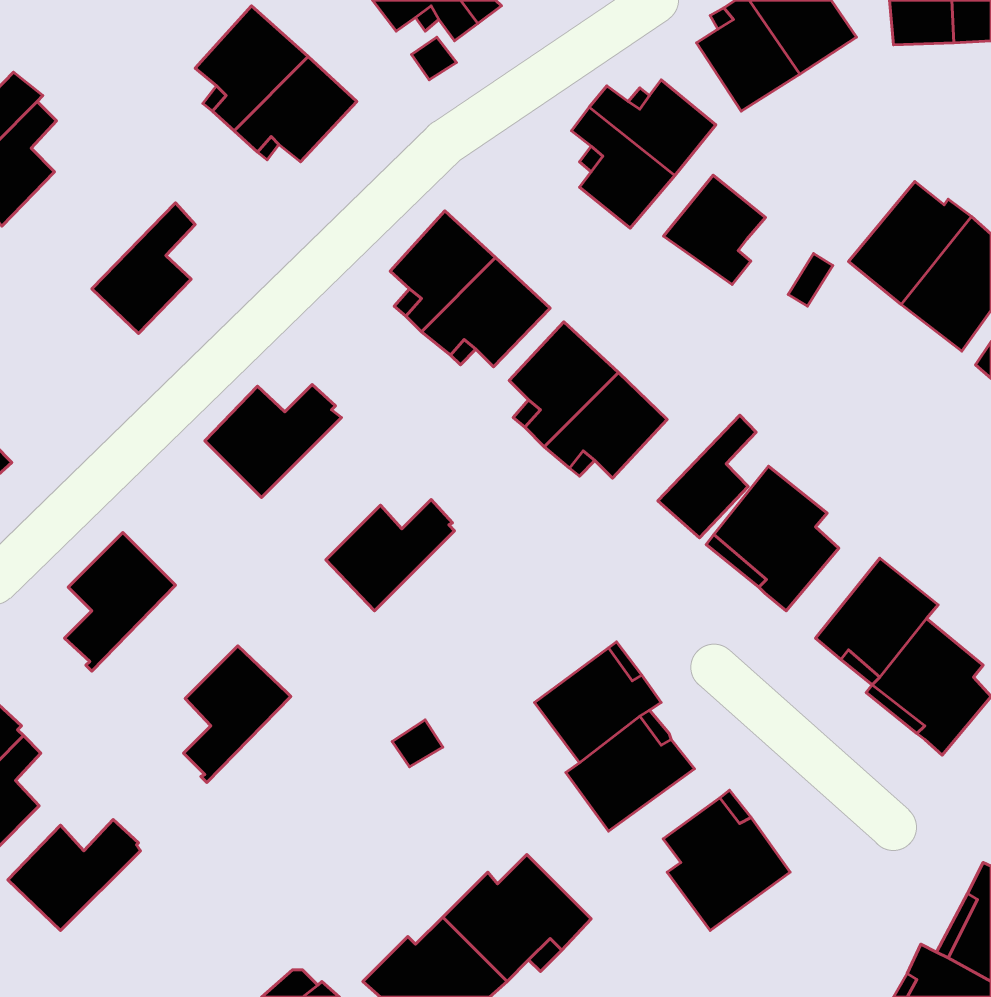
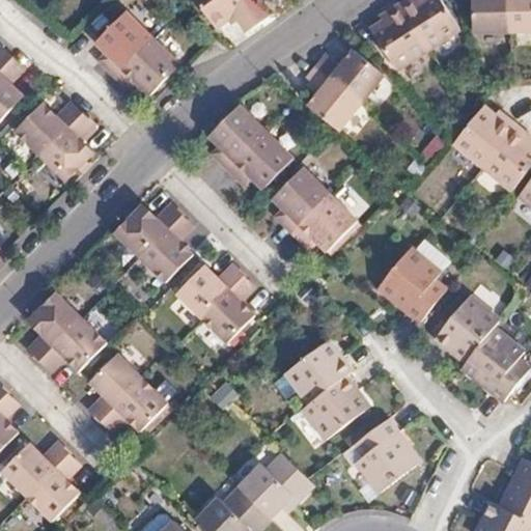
building: [664,175,766,284] -> none
building: none -> [23,95,93,153]
building: [658,415,756,538] -> none
building: none -> [139,222,189,285]
building: none -> [199,282,252,347]
building: none -> [49,311,114,365]
building: none -> [110,370,177,425]
building: none -> [32,452,84,518]

